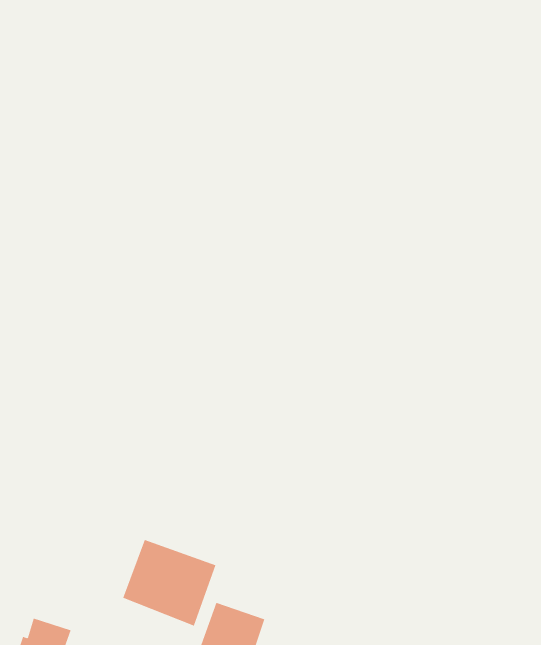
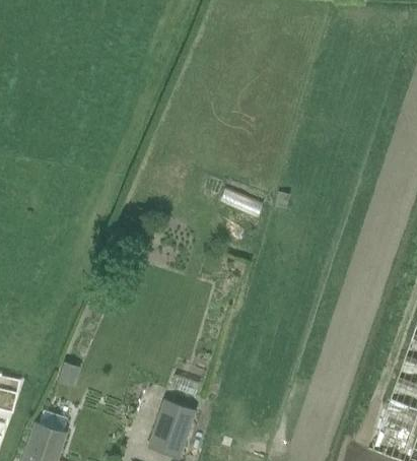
building: [122,539,216,626] -> none

